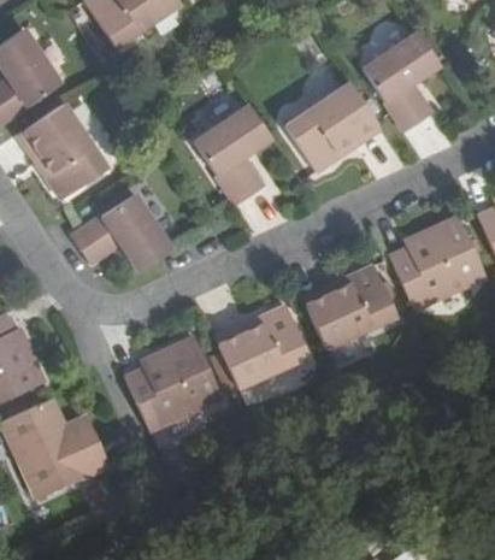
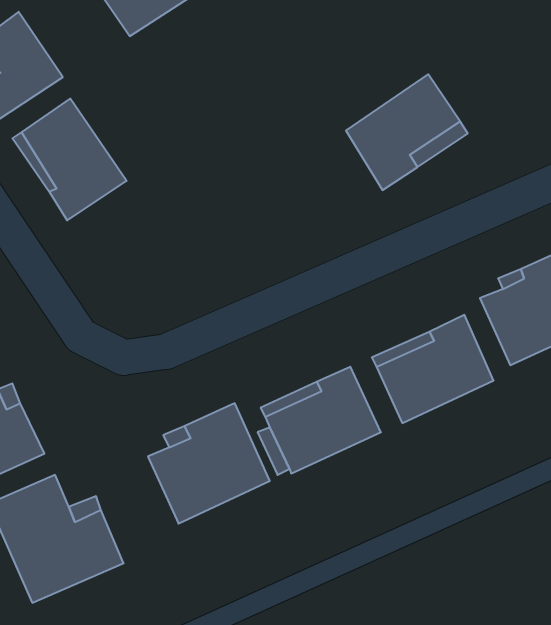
building: [363,29,437,130] -> none
building: [191,104,270,205] -> none
building: [71,193,171,269] -> none

